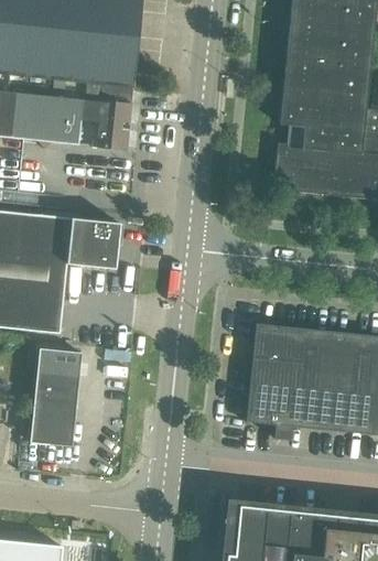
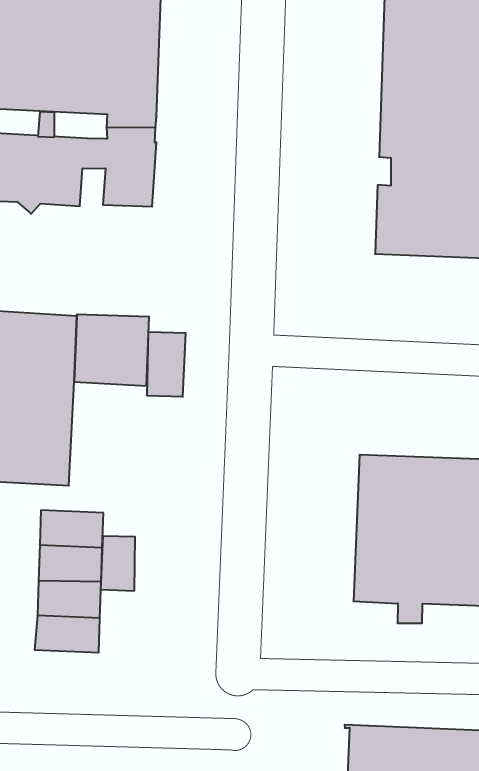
building: none -> [147,332,186,397]
building: none -> [101,536,135,591]

